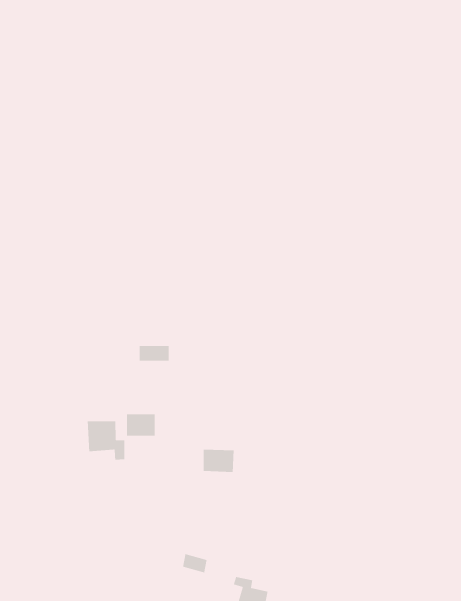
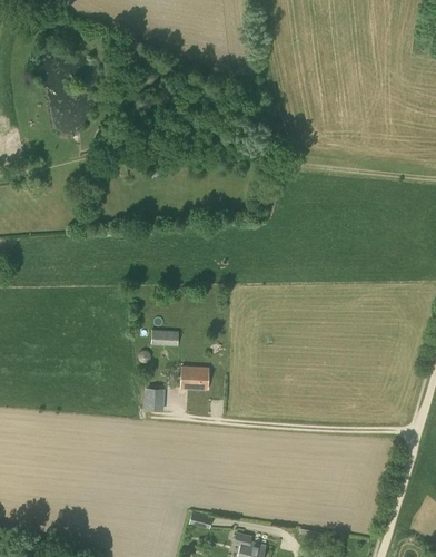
building: [87,420,125,460] -> none
building: [203,449,235,473] -> [180,367,208,388]

